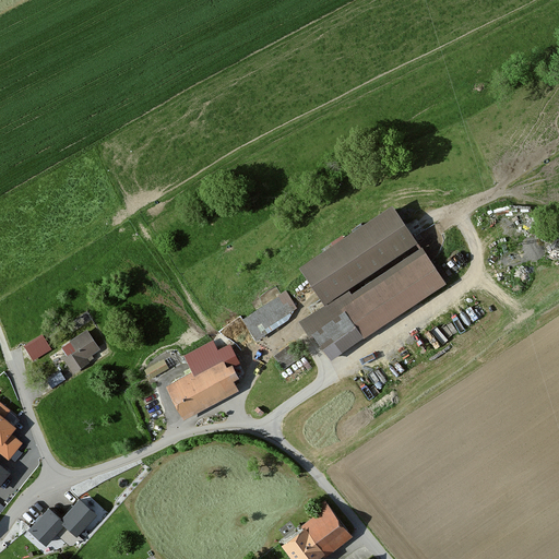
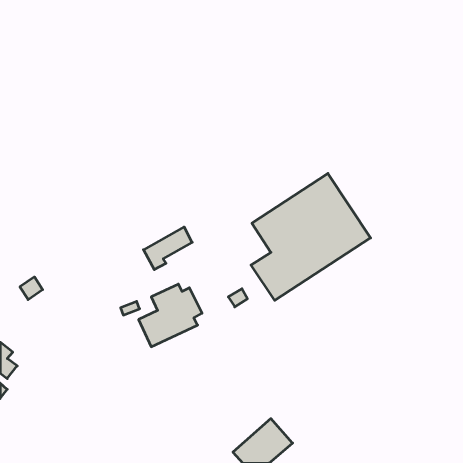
building: [239,290,298,342] -> [143,227,192,270]
building: [62,331,99,370] -> none
building: [31,496,95,538] -> none

